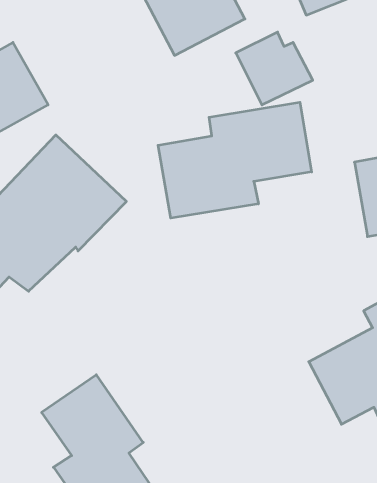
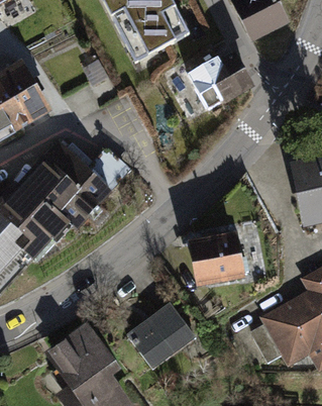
building: [158,102,312,218] -> none
building: none -> [186,224,239,280]
building: none -> [127,295,198,366]

